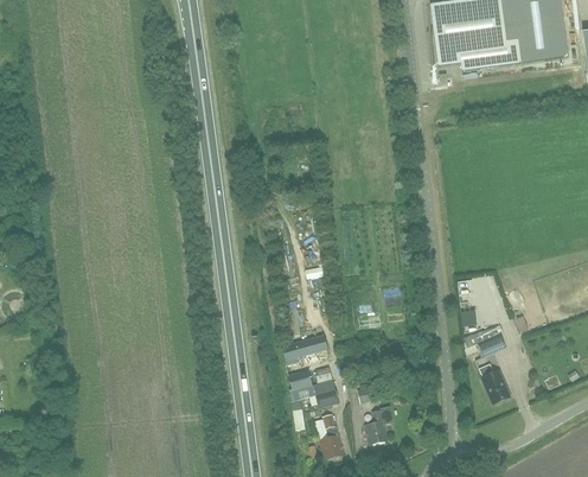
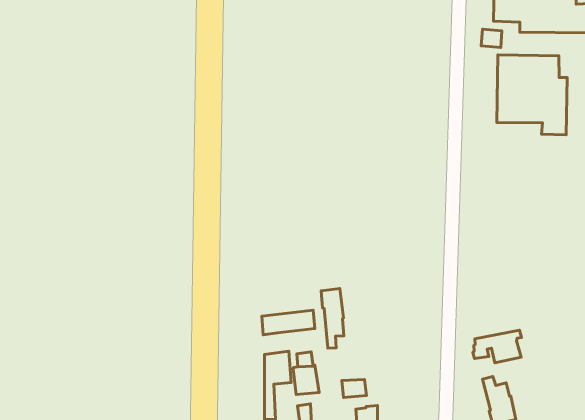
building: none -> [497,55,567,135]
building: none -> [321,288,344,348]

